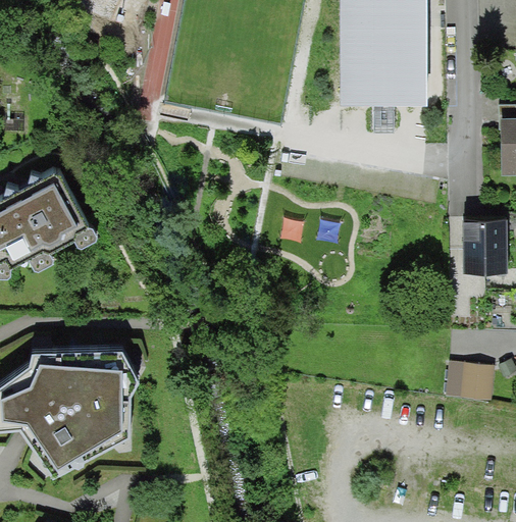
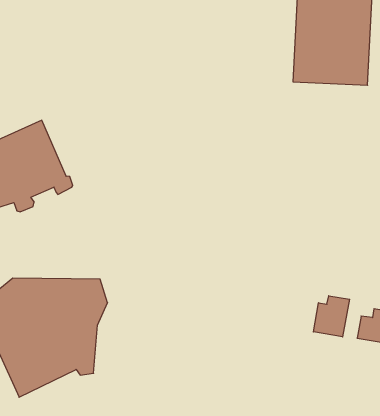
building: none -> [313,296,350,337]

